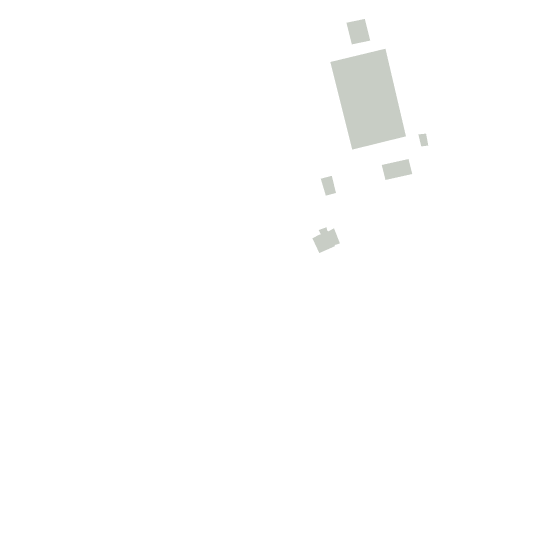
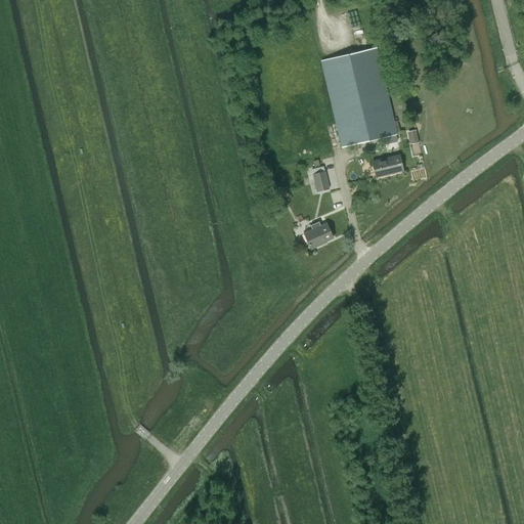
building: [346,18,371,45] -> none

